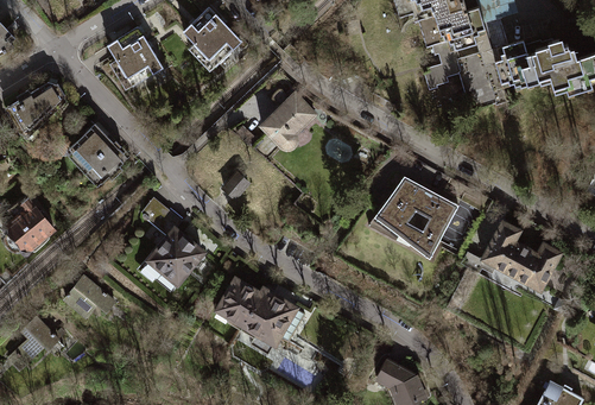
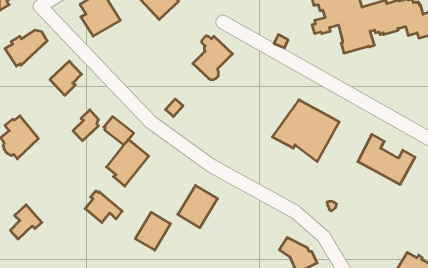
building: [89,140,124,182] -> [73,110,99,141]
building: [64,273,114,316] -> [85,191,122,223]
building: [215,278,262,329] -> [135,212,171,250]

